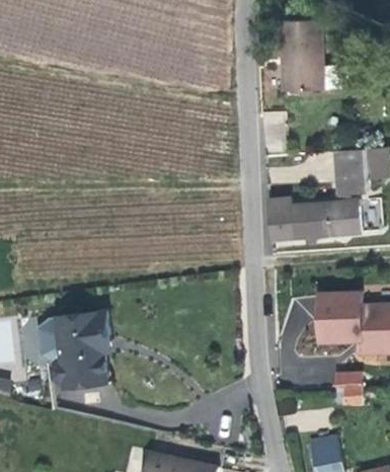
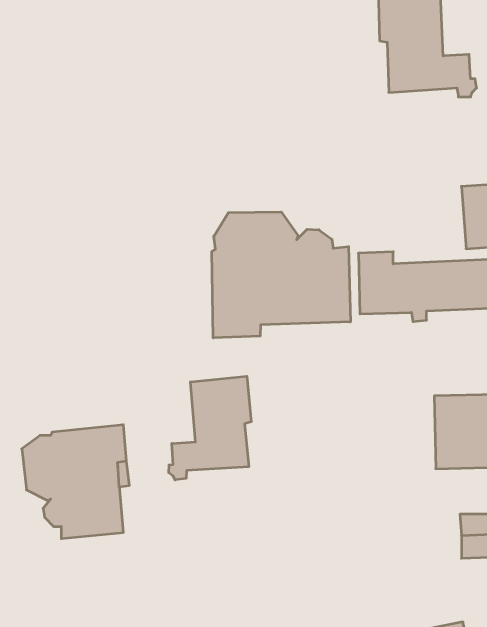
building: none -> [212,212,350,338]
building: none -> [169,376,251,480]

